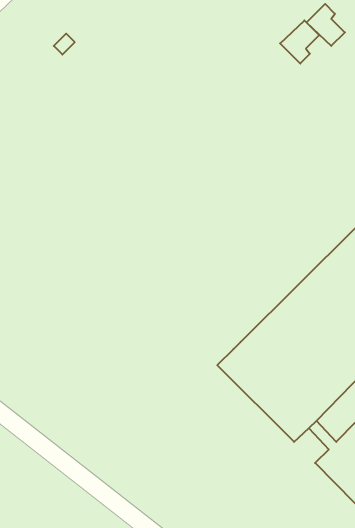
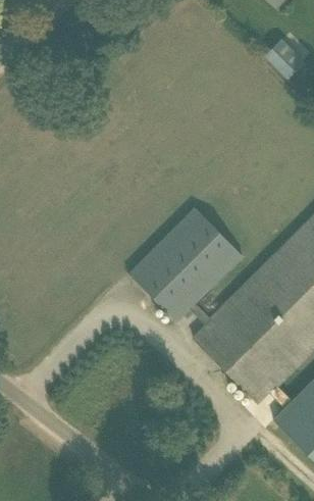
building: [280,20,319,64] -> none
building: none -> [127,206,243,324]

